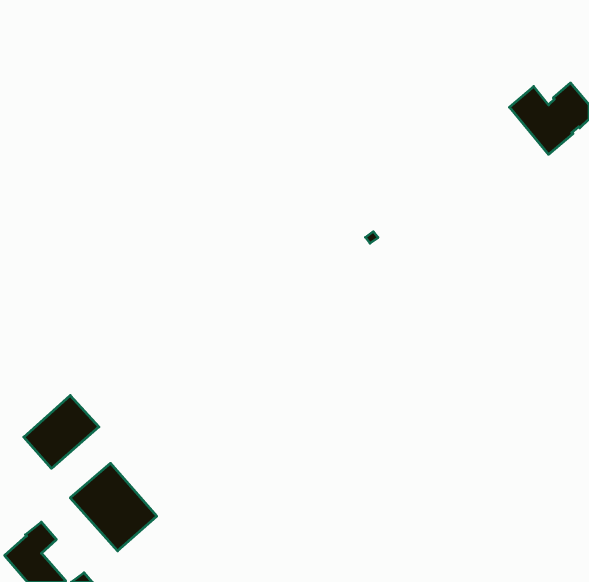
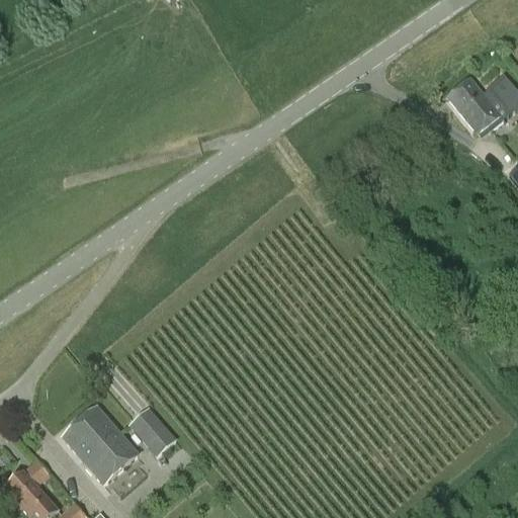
building: [24,395,99,468] -> none
building: none -> [128,407,180,455]

